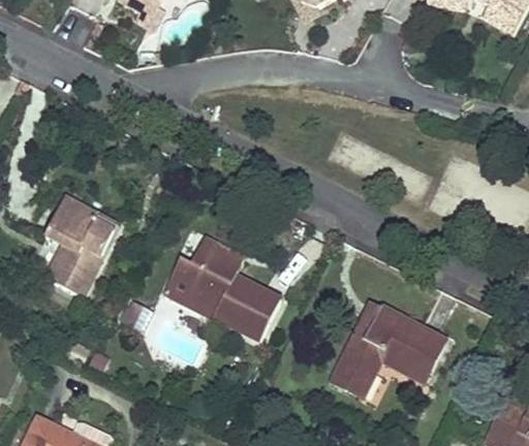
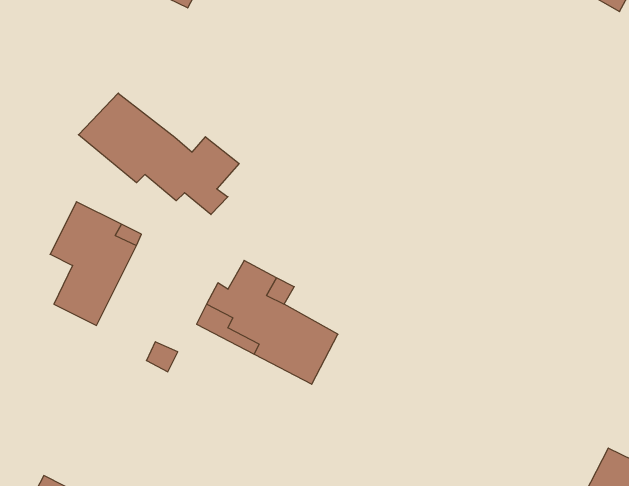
building: none -> [78,93,239,215]
building: [332,306,443,394] -> none

